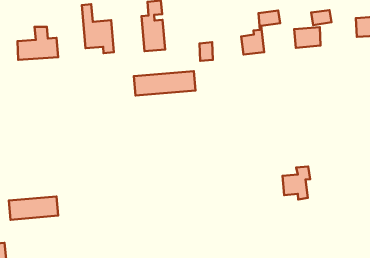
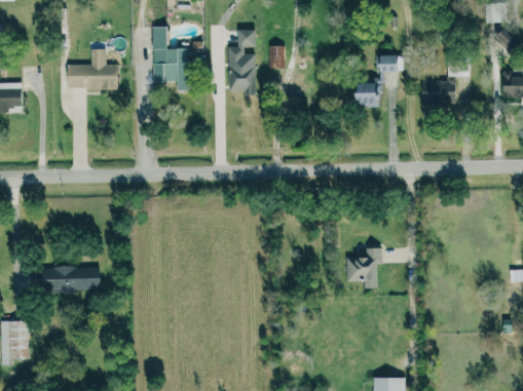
building: [199,42,213,61] -> [268,45,286,68]
building: [134,71,195,96] -> none
building: [283,166,310,199] -> [346,247,381,288]

